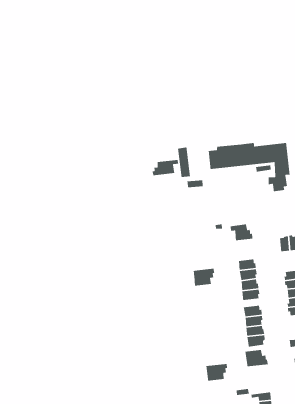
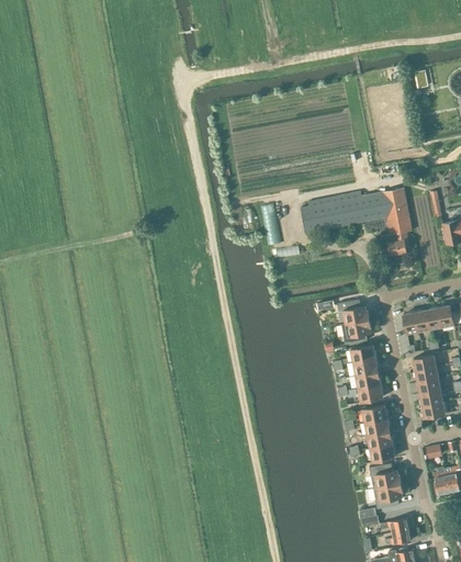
building: [152,159,179,176] -> none
building: [193,268,215,286] -> [341,319,371,346]
building: [206,363,228,382] -> [373,483,403,509]

